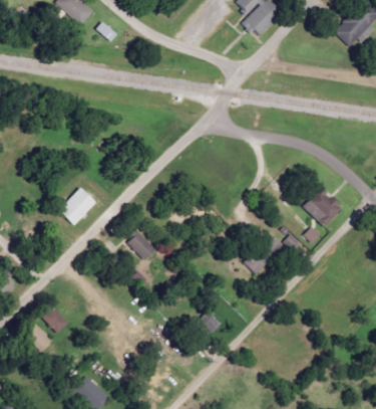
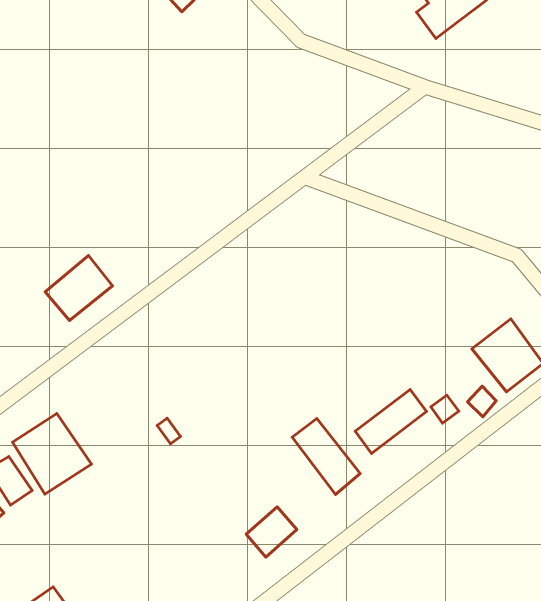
building: [126,230,155,260] -> none
building: none -> [292,418,360,494]
building: none -> [13,413,92,494]

